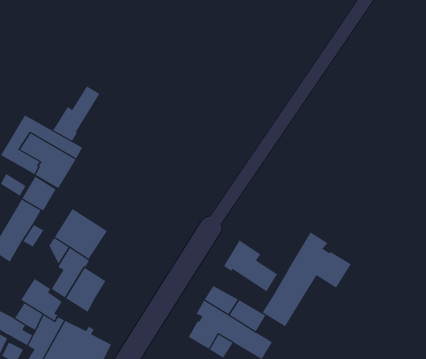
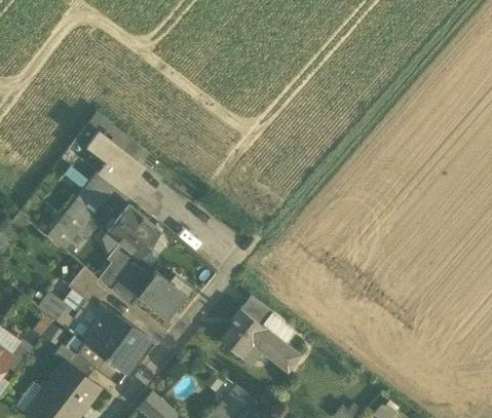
building: [53,86,100,141] -> none
building: [262,231,352,327] -> none
building: [223,239,278,292] -> none
building: none -> [138,271,191,319]

